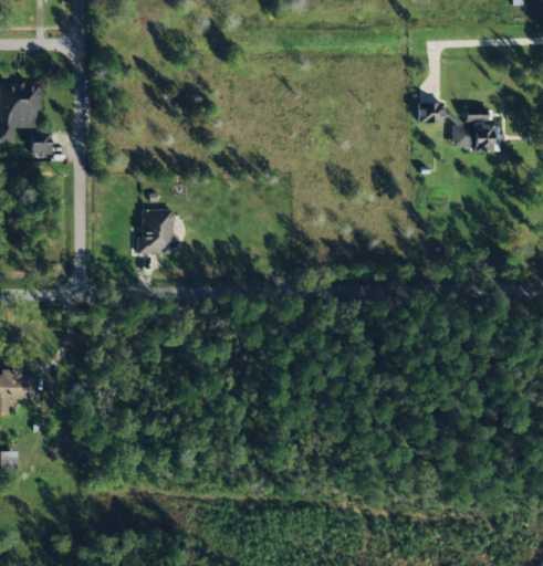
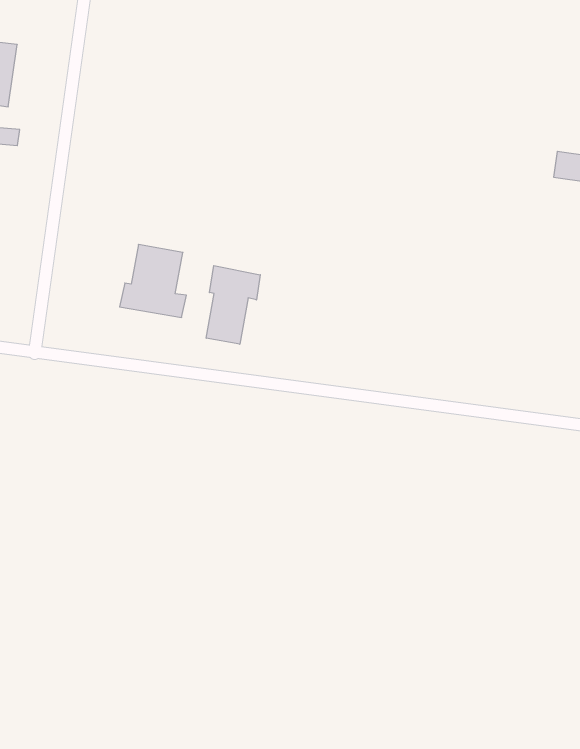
building: none -> [206,266,260,344]

